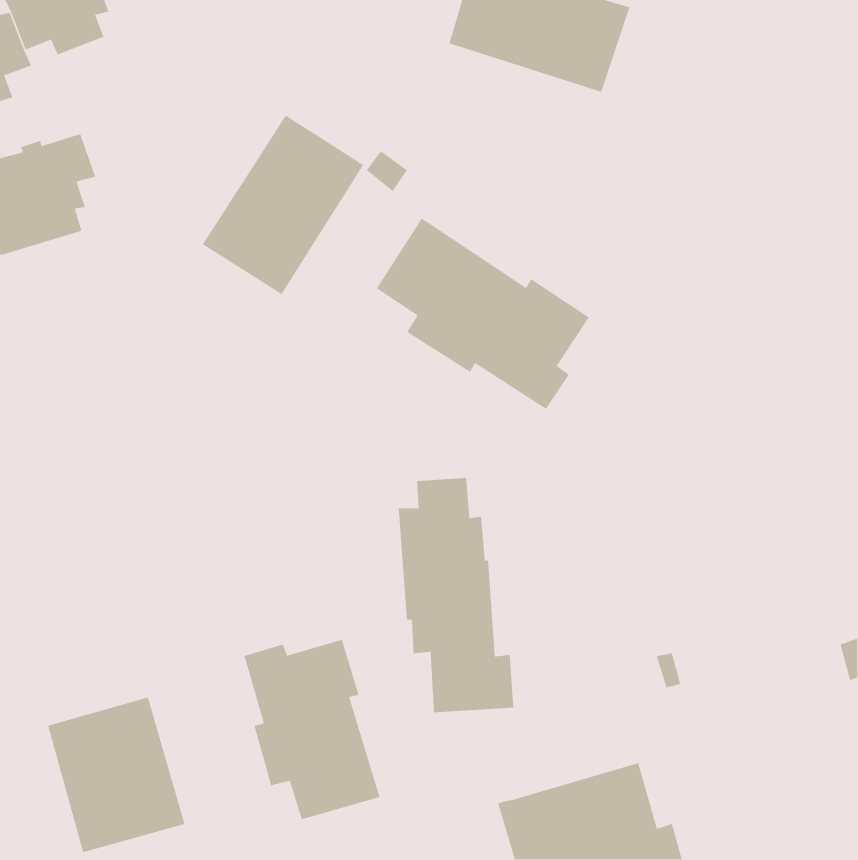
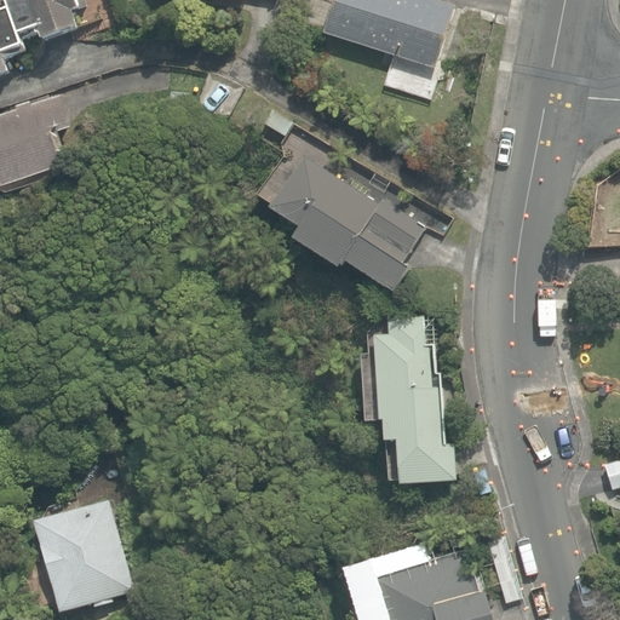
building: [202,115,364,295] -> none
building: [398,477,514,713] -> [372,315,455,484]
building: [243,639,381,820] -> none

